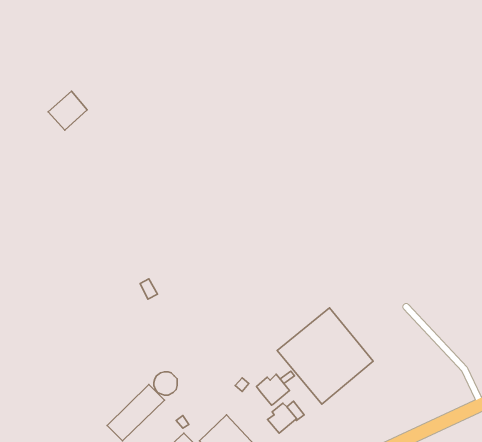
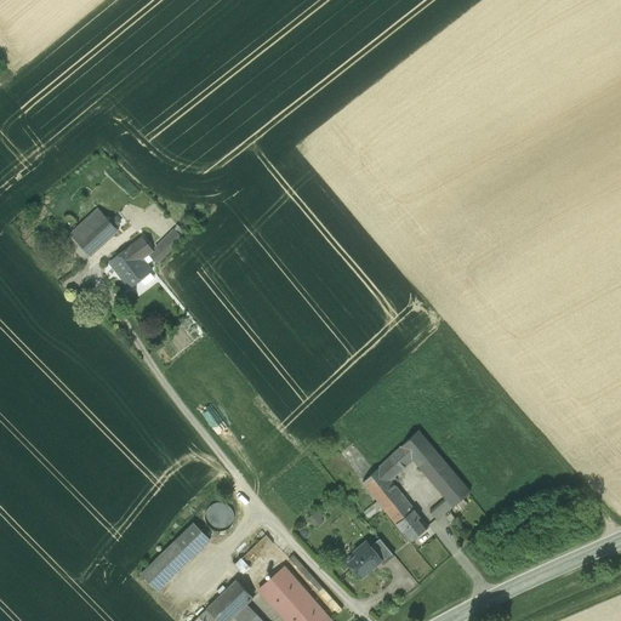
building: [48,91,87,130] -> [69,209,118,257]
building: none -> [107,241,155,294]
building: [256,374,289,405] -> none

